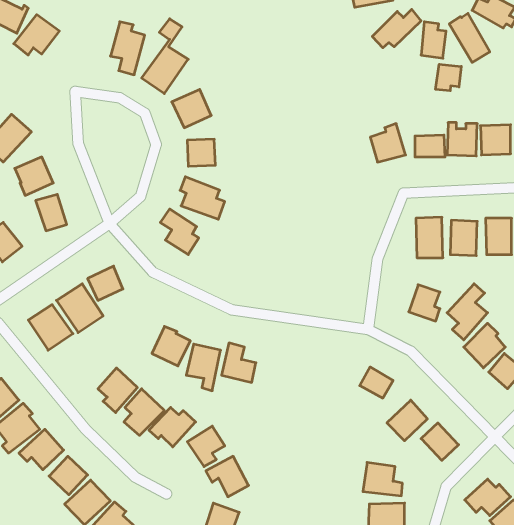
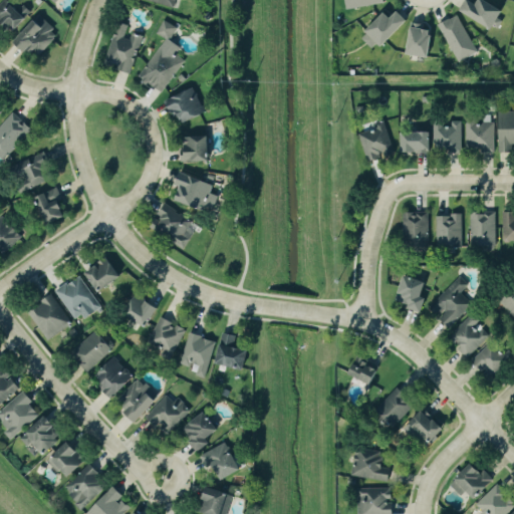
building: [436,64,461,91] -> none
building: none -> [123,294,158,327]
building: none -> [73,329,112,372]

